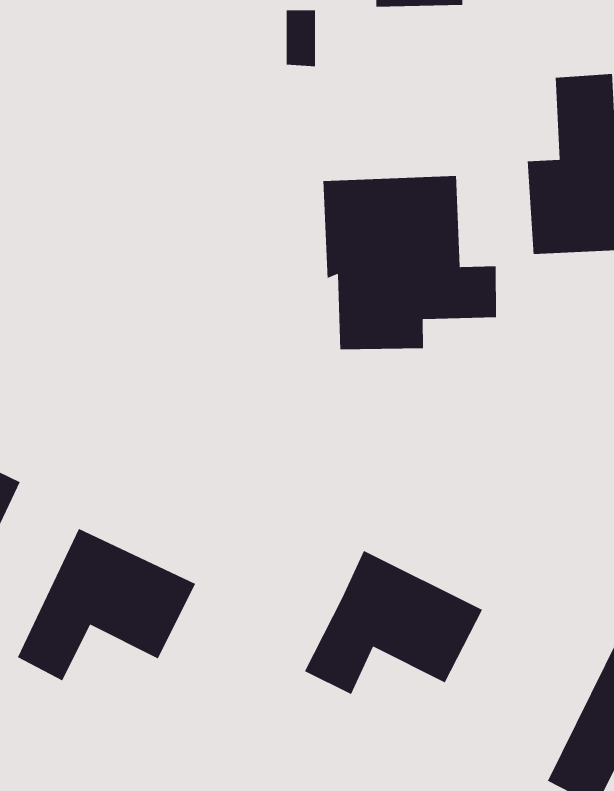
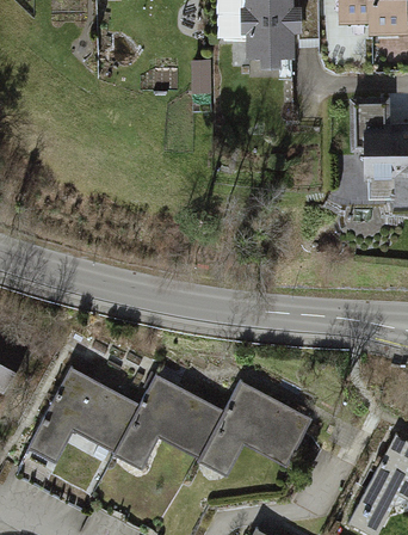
building: [322,175,497,350] -> none
building: none -> [113,376,223,466]

